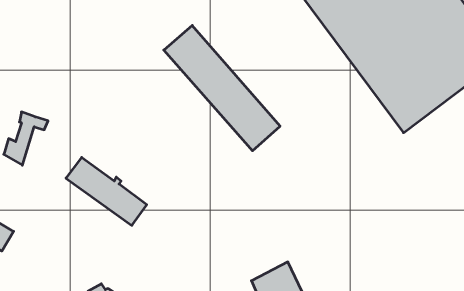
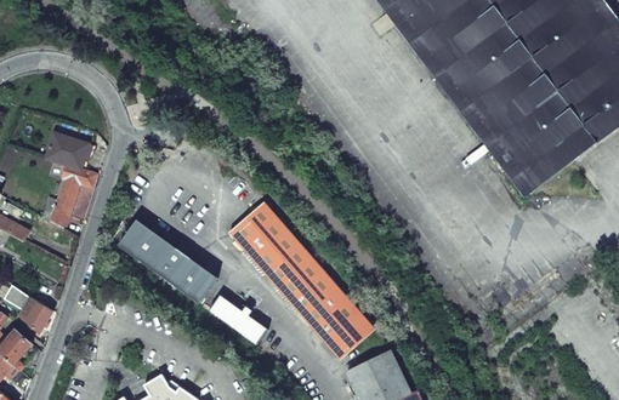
building: [164,25,280,151] -> [228,201,371,355]
building: none -> [45,132,89,170]
building: none -> [209,295,268,343]

